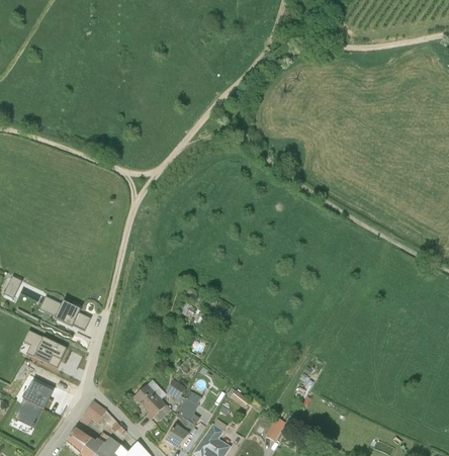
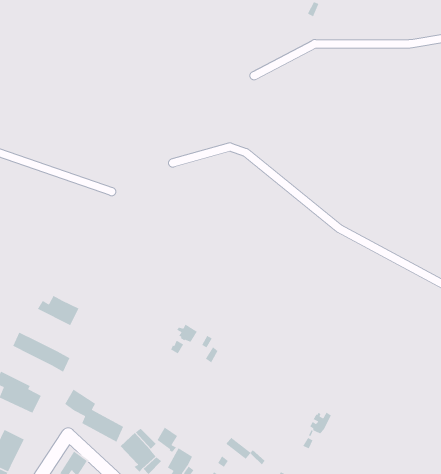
building: none -> [37,295,79,326]
building: none -> [64,389,124,443]

